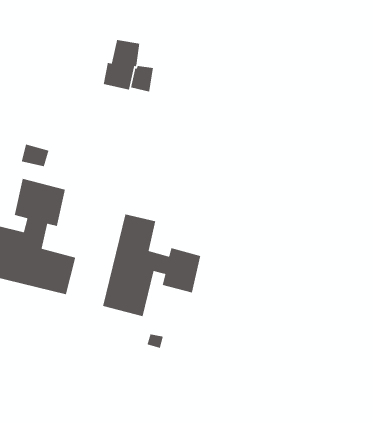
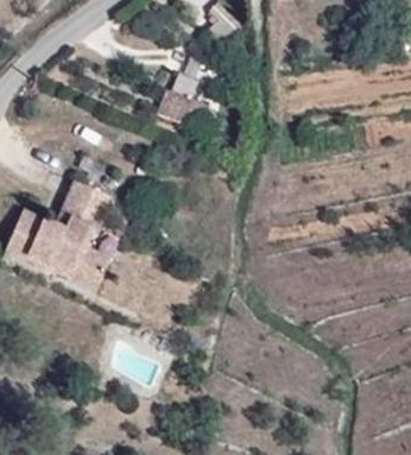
building: [102,214,201,317] -> none

